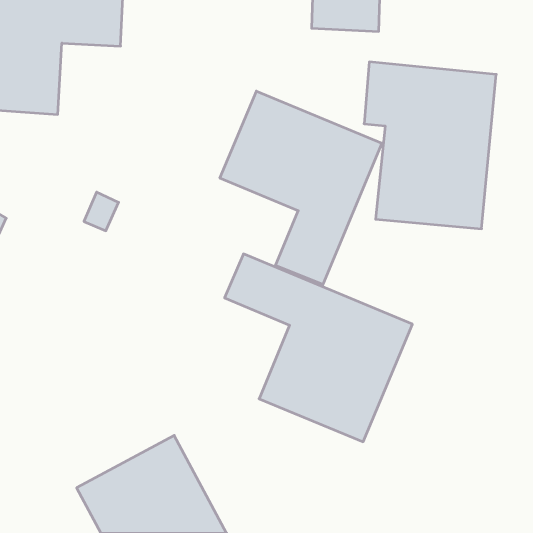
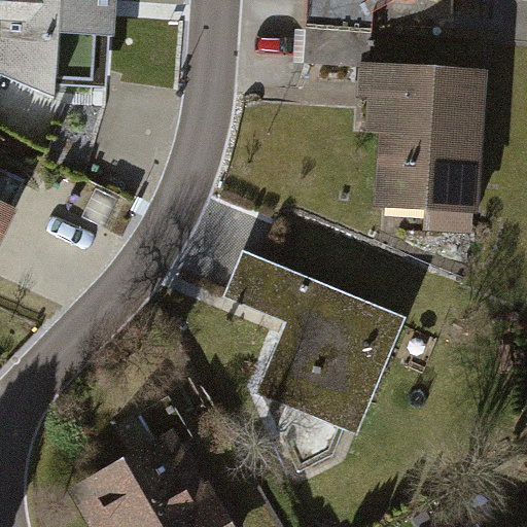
building: [220,91,382,285] -> none

